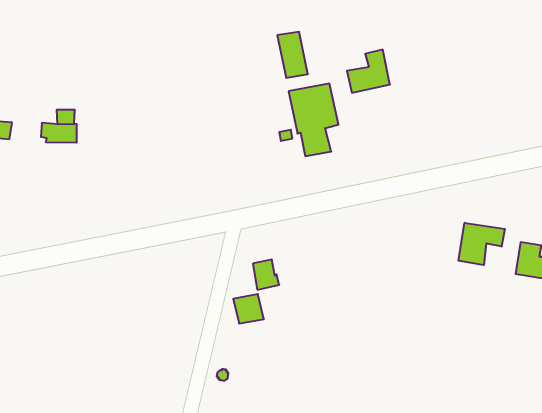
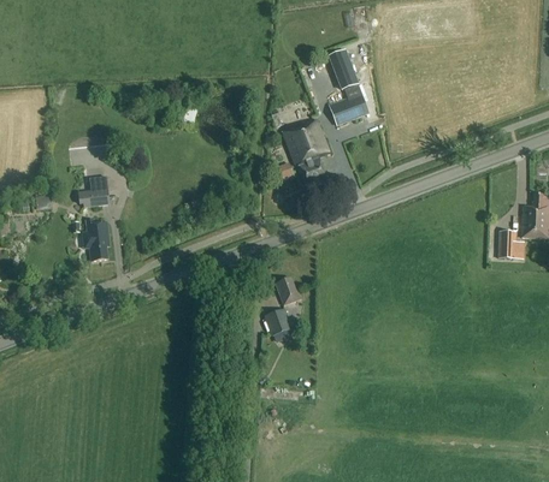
building: [277,32,308,78] -> [327,48,359,89]
building: none -> [82,219,110,261]
building: [459,223,505,265] -> none

